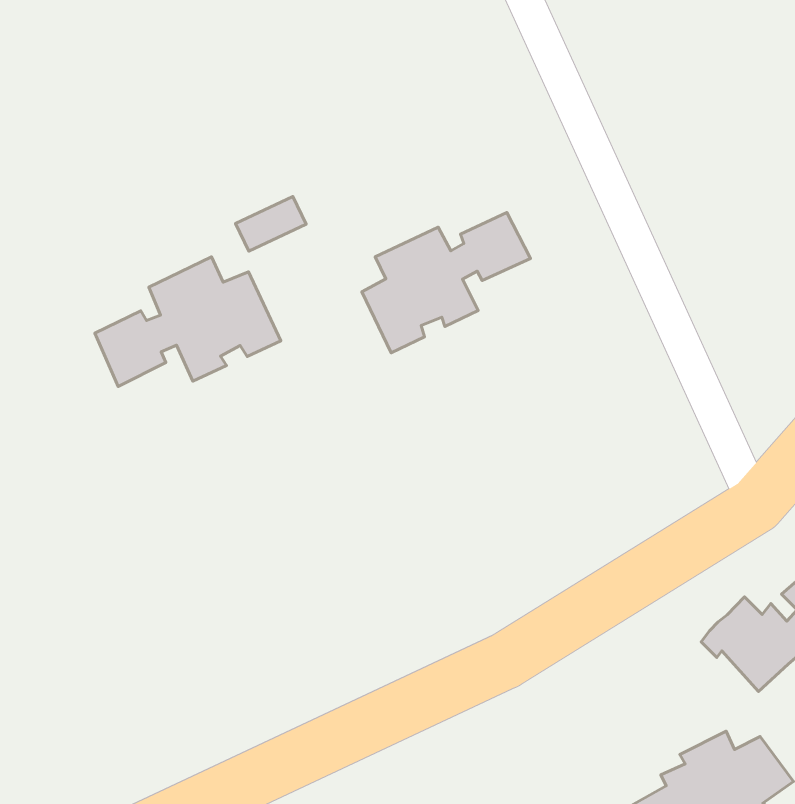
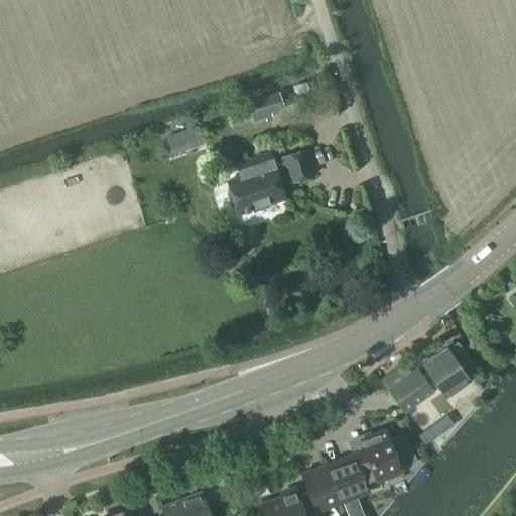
building: none -> [248,94,284,124]
building: [95,257,281,386] -> none

